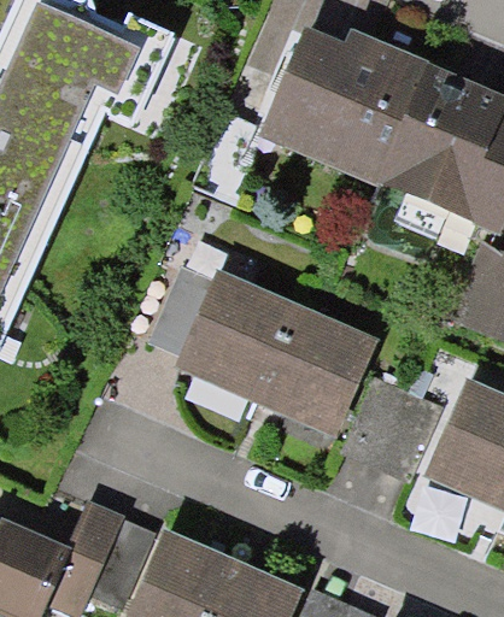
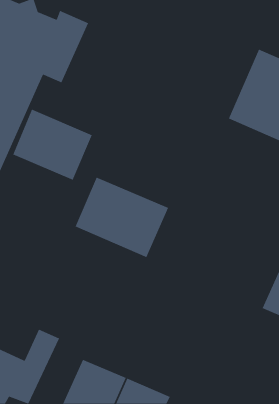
building: [260,41,423,181] -> none
building: none -> [12,109,93,181]
building: [256,315,367,424] -> none

